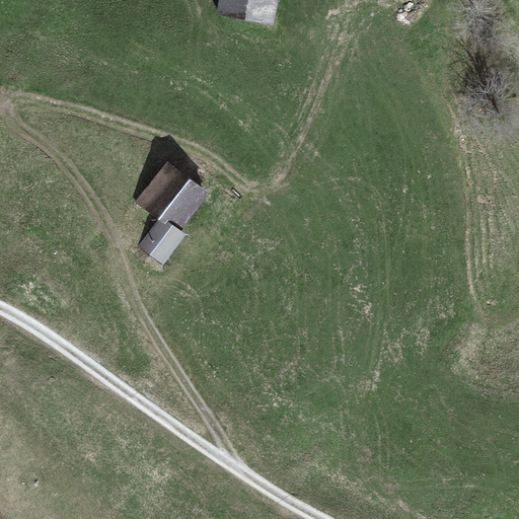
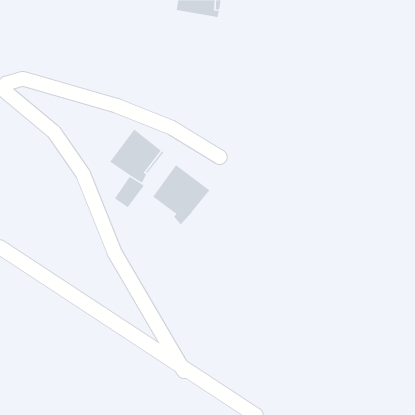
building: none -> [152,164,211,225]

